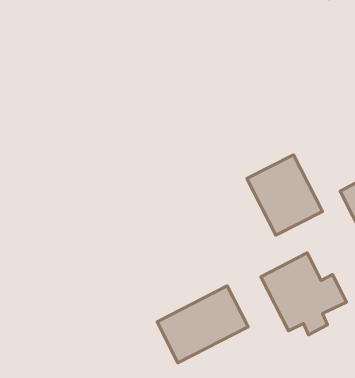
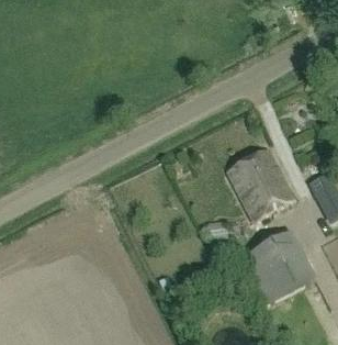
building: [157,286,248,363] -> none

